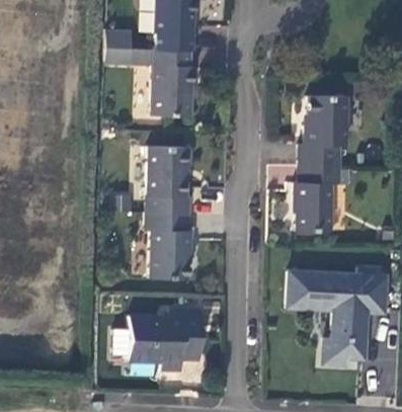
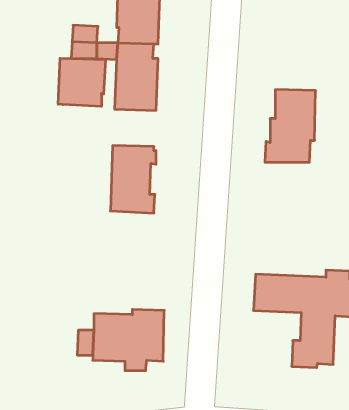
building: none -> [58,58,106,106]
building: [291,164,341,228] -> none
building: [147,212,192,276] -> none

